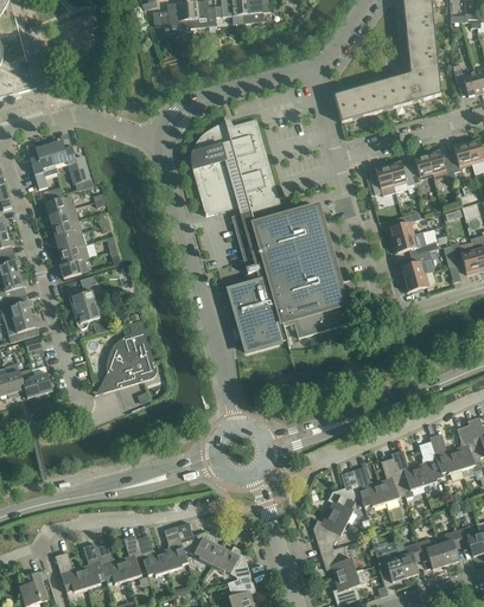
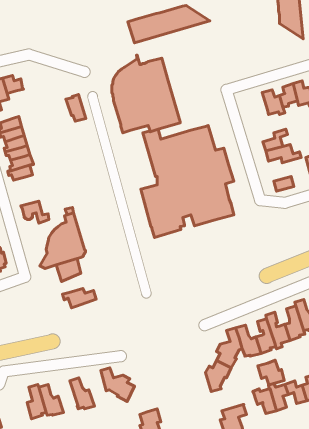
building: [333,74,440,122] -> [128,5,210,43]
building: [66,155,93,190] -> [66,95,86,121]
building: [370,164,395,196] -> none
building: [399,250,434,279] -> none
building: [69,275,96,311] -> none
building: none -> [63,288,96,308]
building: [161,525,187,571] -> none
building: [121,535,147,580] -> none
building: [211,545,250,579] -> none
building: [320,545,355,577] -> [258,360,284,385]
building: [55,551,87,592] -> none

